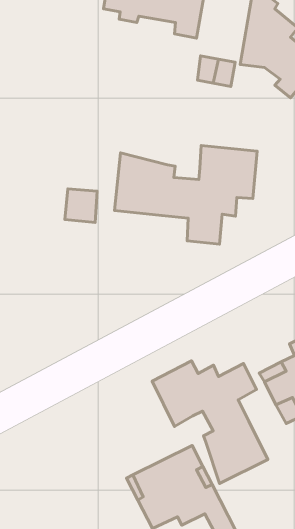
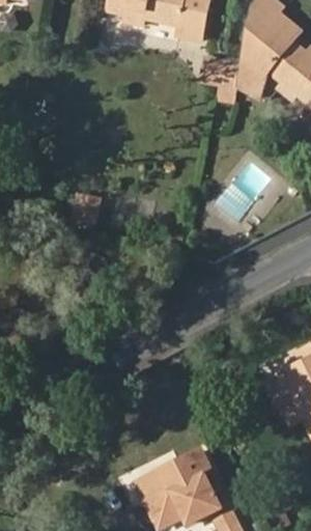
building: [115,145,257,244] -> none
building: [152,361,268,484] -> none

